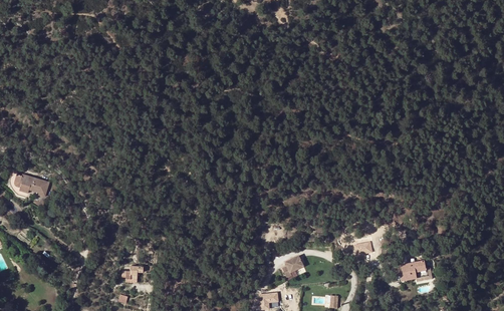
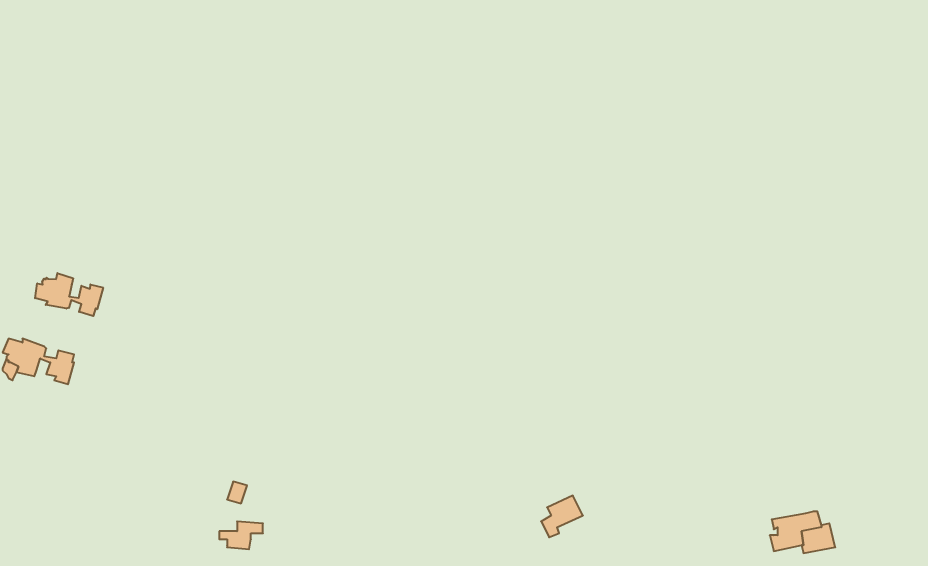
building: none -> [35,273,103,316]

